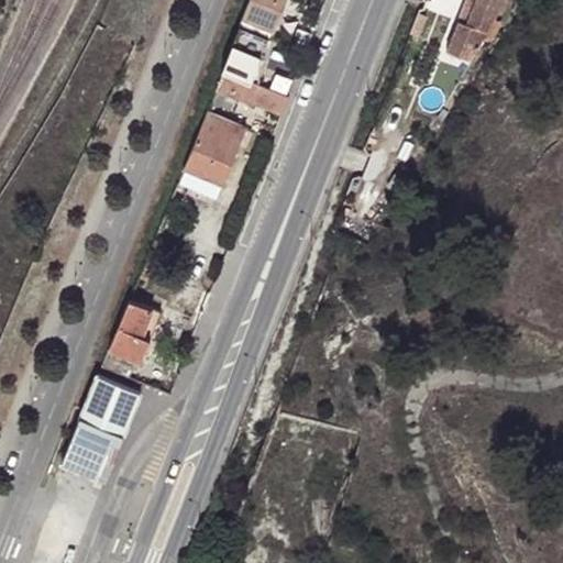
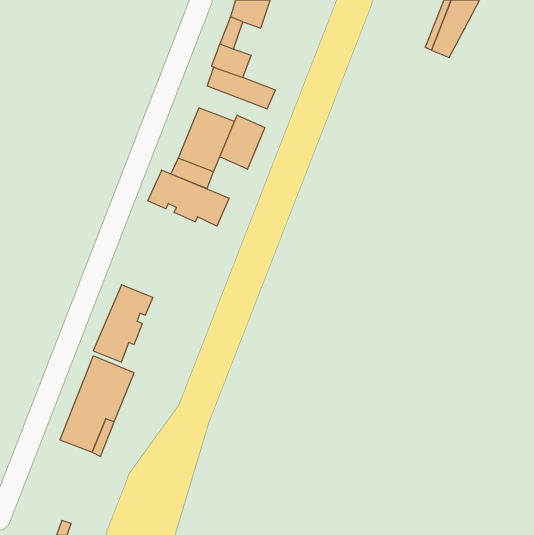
building: none -> [220,115,265,169]
building: none -> [148,170,229,226]

